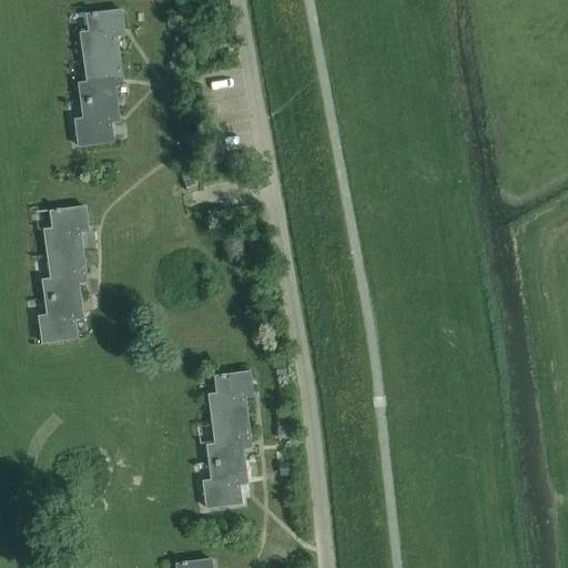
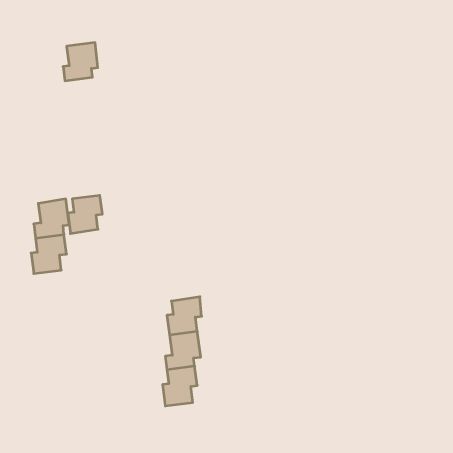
building: [80,9,124,58] -> none
building: [74,97,119,145] -> none
building: [44,206,88,254] -> [68,195,102,234]

